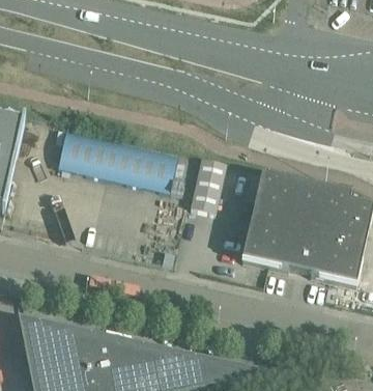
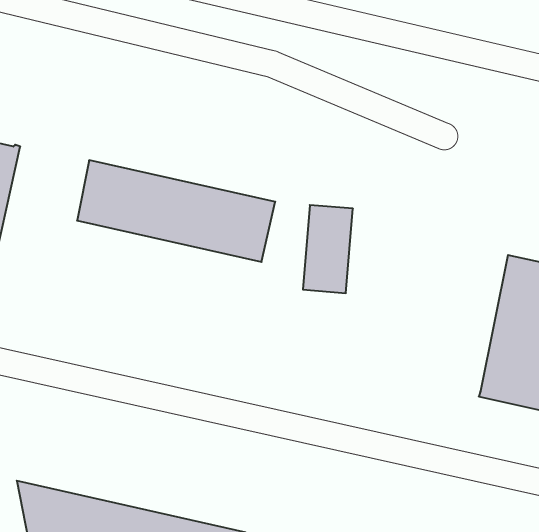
building: [241,174,317,272] -> none

